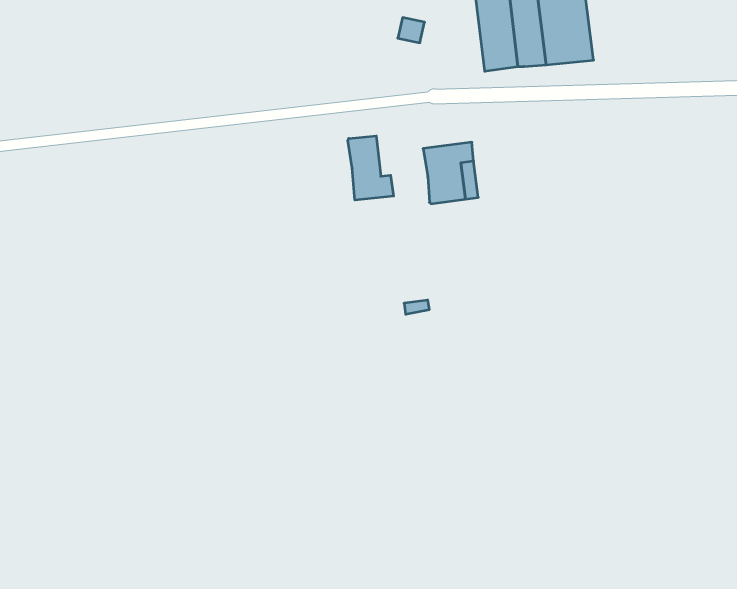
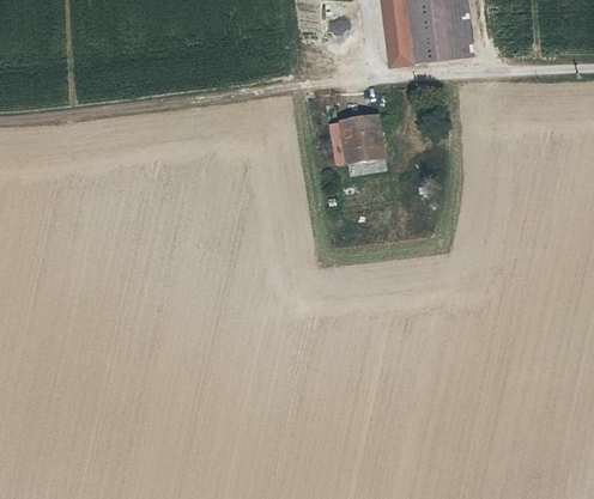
building: [348,136,394,200] -> none

